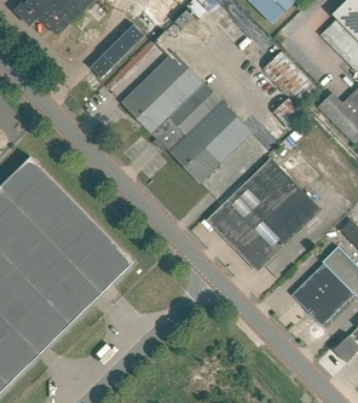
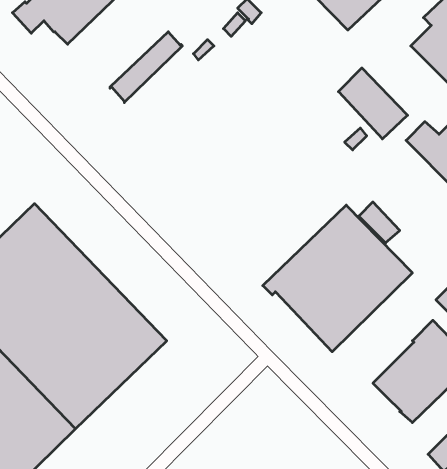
building: [121,52,252,183] -> none

